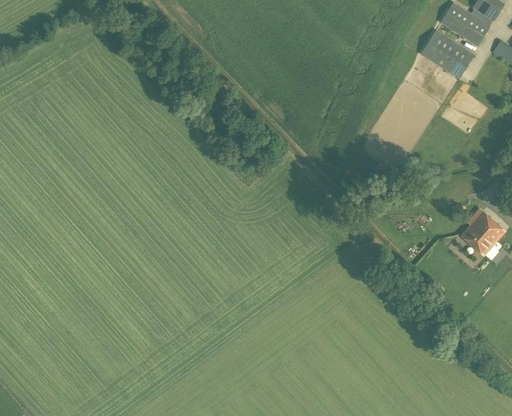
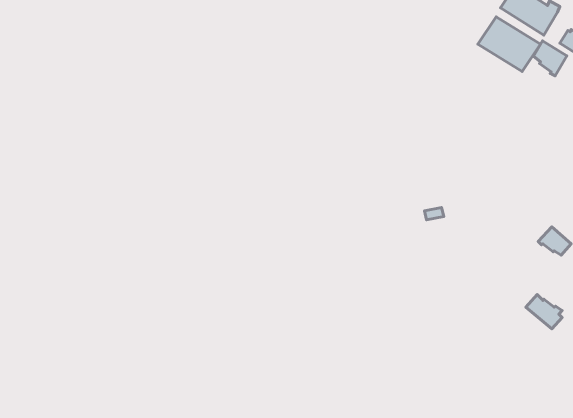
building: none -> [533,41,567,76]
building: [461,224,493,254] -> [526,295,562,329]

